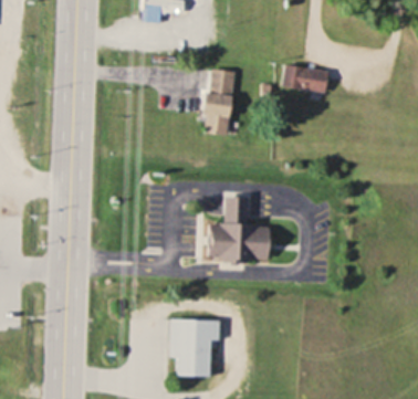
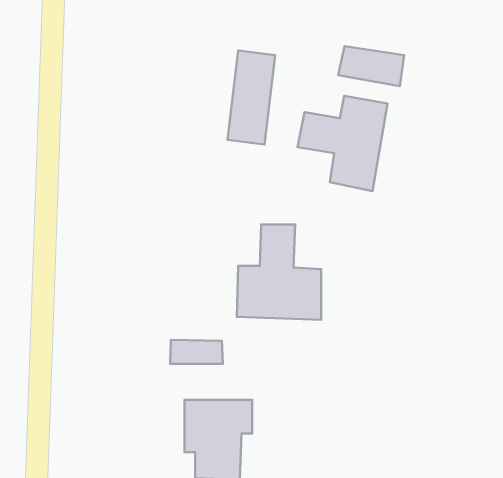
building: none -> [297,96,387,191]
building: none -> [170,340,223,364]

